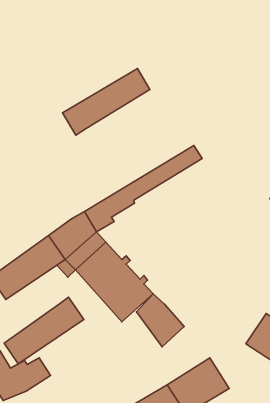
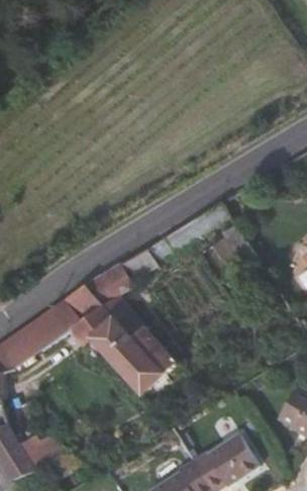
building: [62,69,150,135] -> none
building: [137,294,184,347] -> none
building: [4,297,84,364] -> none

